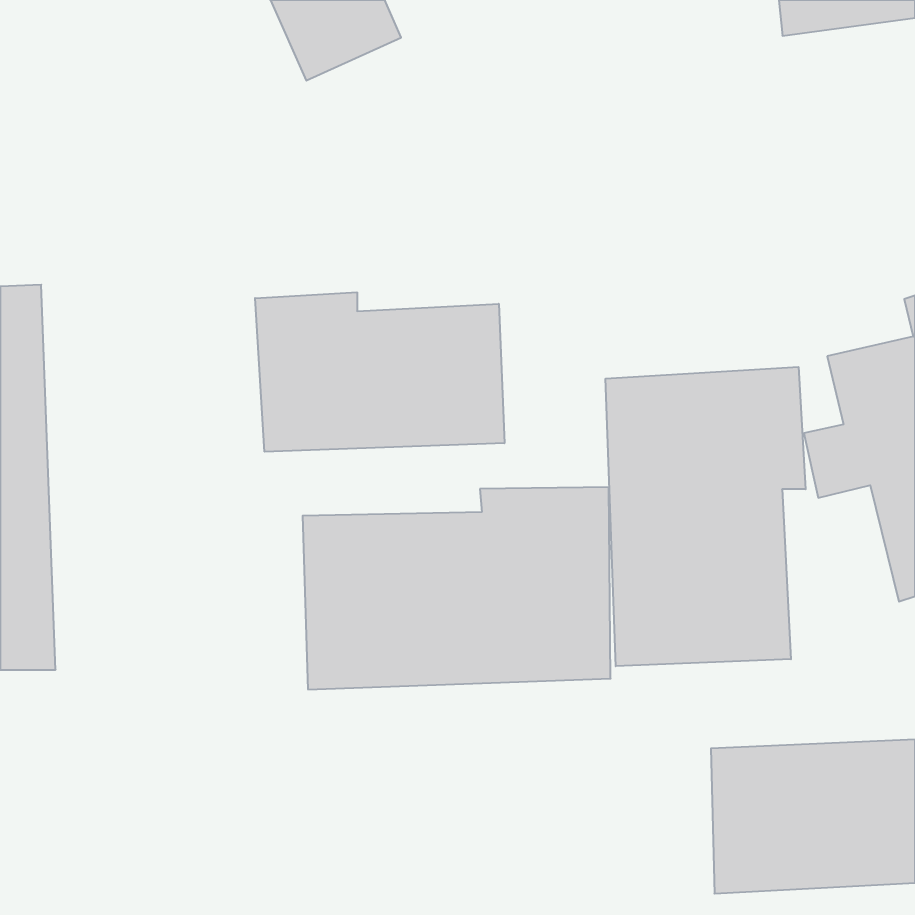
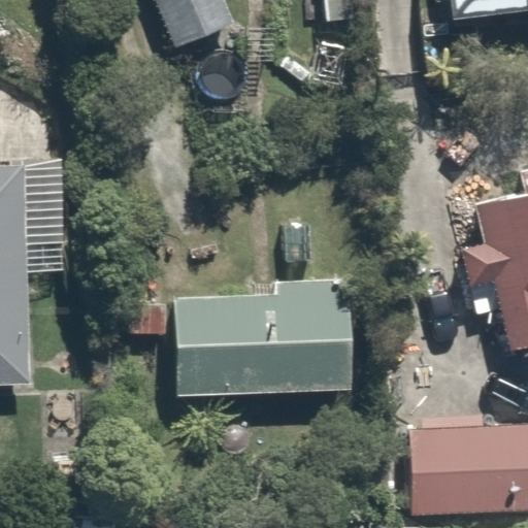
building: [255,292,504,452] -> none
building: [606,367,806,666] -> none

